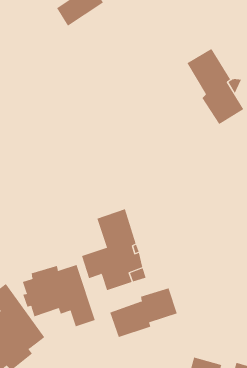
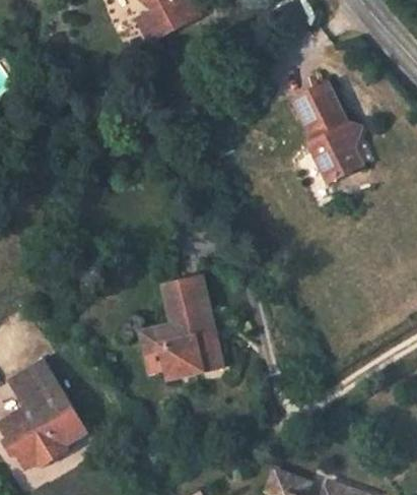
building: [22,264,95,327] -> none
building: [109,288,177,338] -> none

